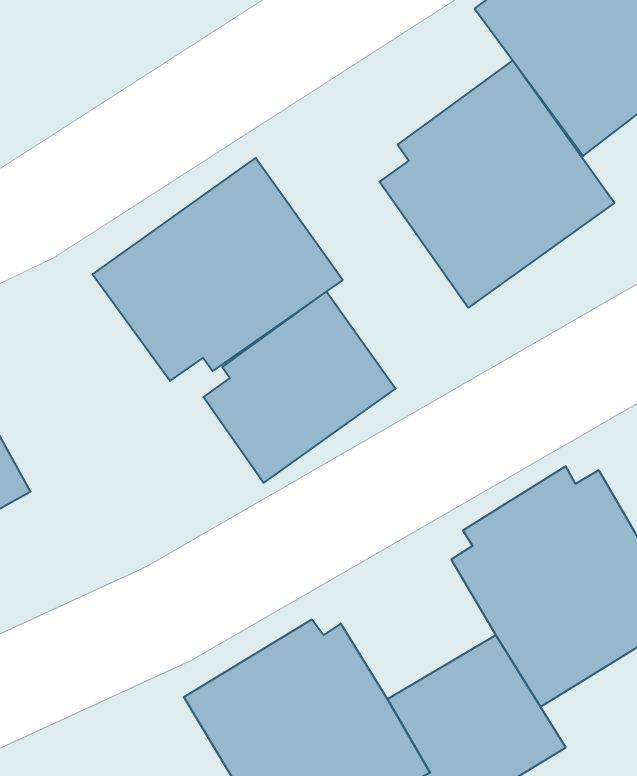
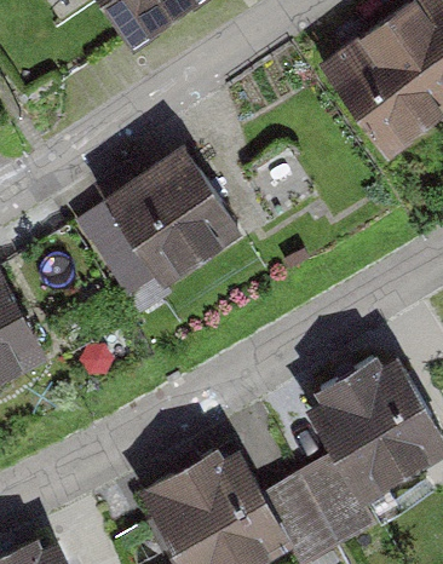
building: [379,61,615,308] -> none
building: [203,292,396,483] -> none

